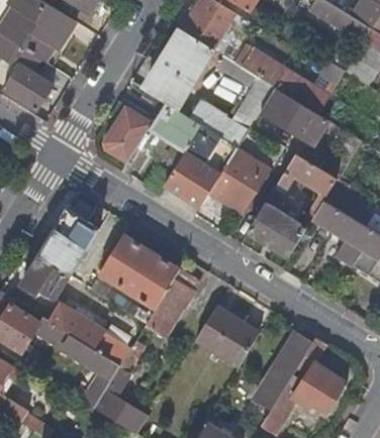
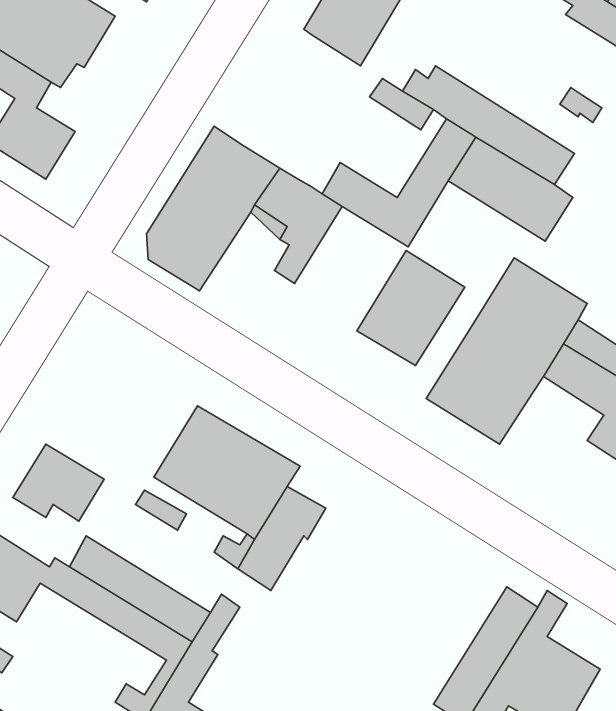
building: [147,30,216,110] -> none
building: [166,125,239,207] -> none
building: [38,210,98,276] -> none
building: [195,310,259,366] -> none

